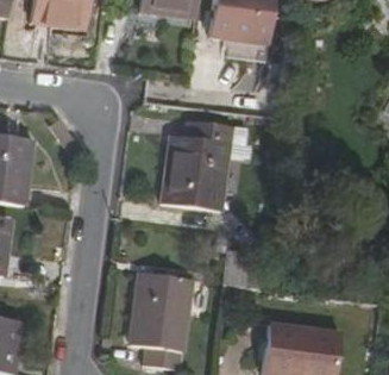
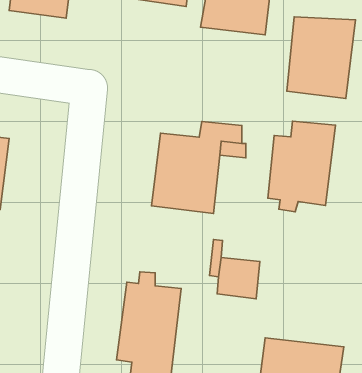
building: none -> [287,17,355,98]
building: none -> [268,121,336,212]

